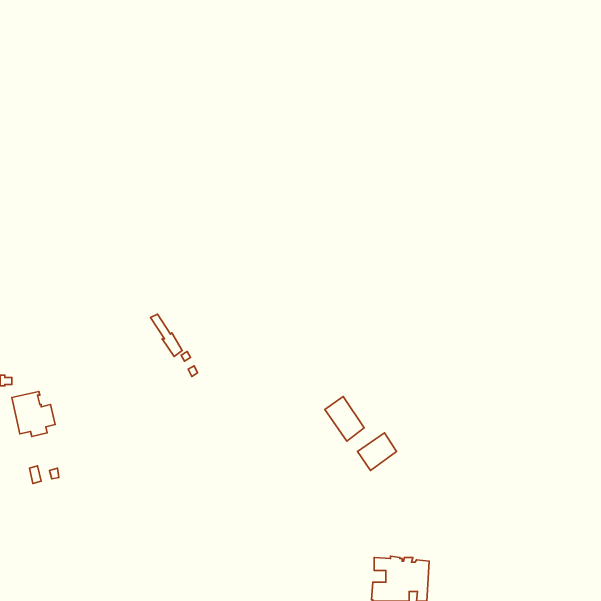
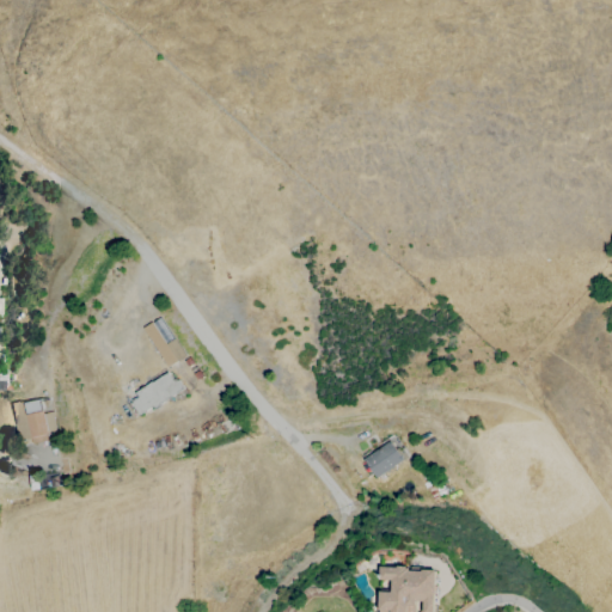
building: none -> [130,372,180,415]
building: [325,396,364,441] -> none

